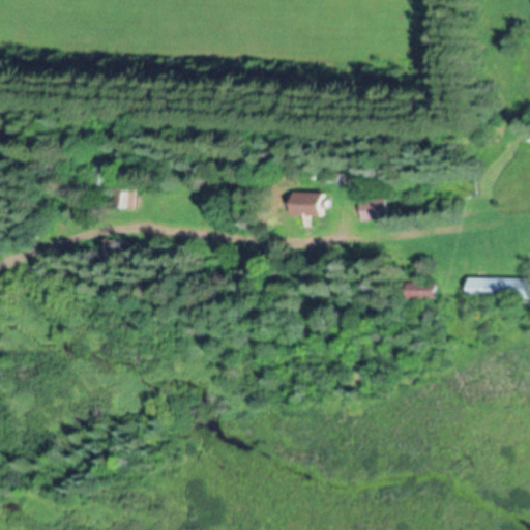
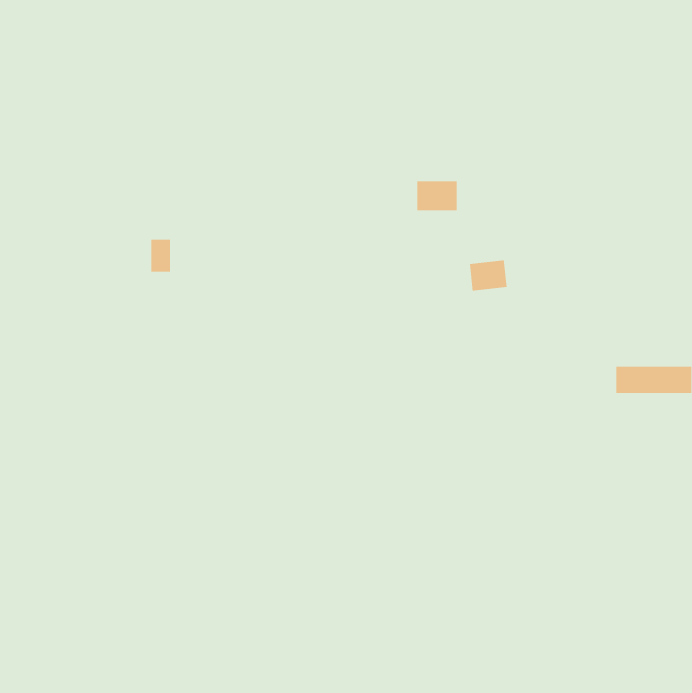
building: [292,194,323,216] -> [417,181,458,211]
building: [401,281,432,298] -> none

